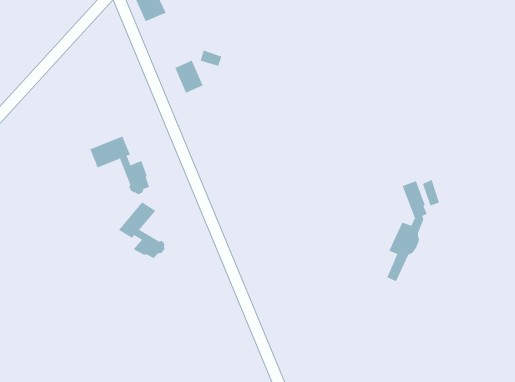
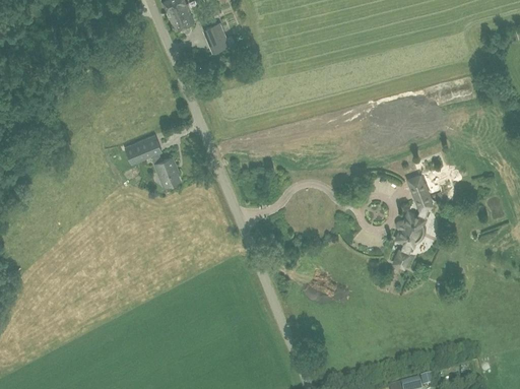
building: [174,60,203,93] -> [203,20,230,51]
building: [118,202,166,259] -> none

